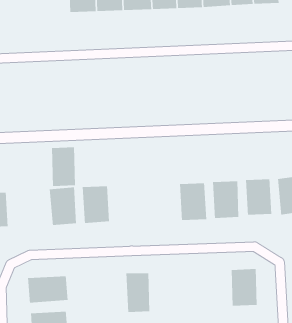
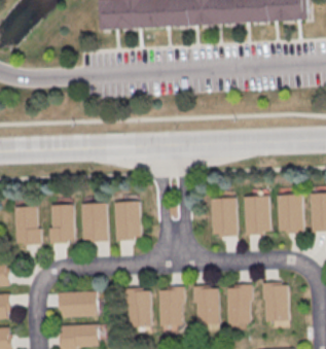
building: [51,147,76,187] -> [50,203,75,243]
building: none -> [226,285,251,324]
building: none -> [193,287,219,325]
building: none -> [125,288,152,329]

